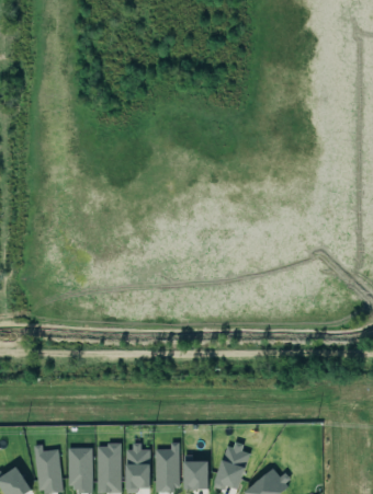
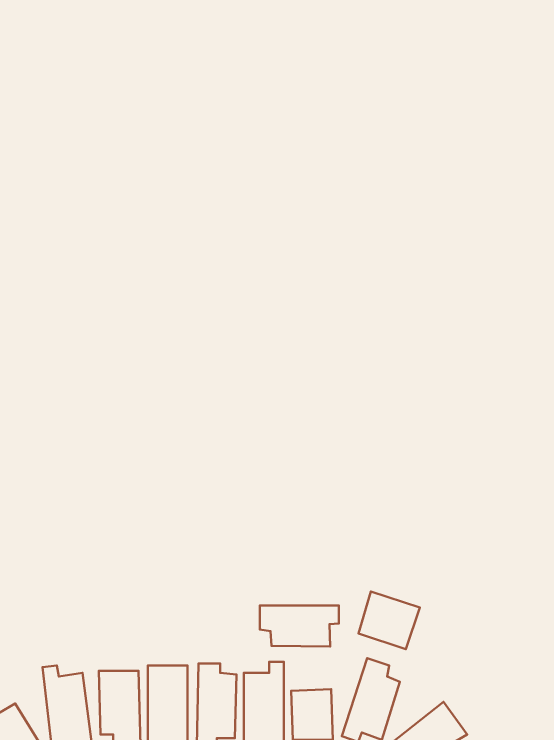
building: none -> [359,591,420,649]
building: none -> [260,605,339,647]

